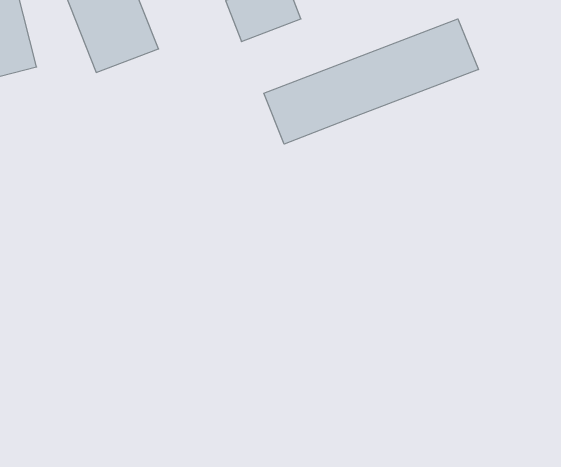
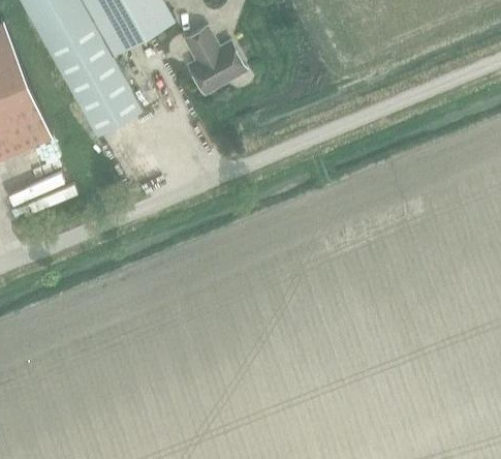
building: [264,19,478,144] -> none

